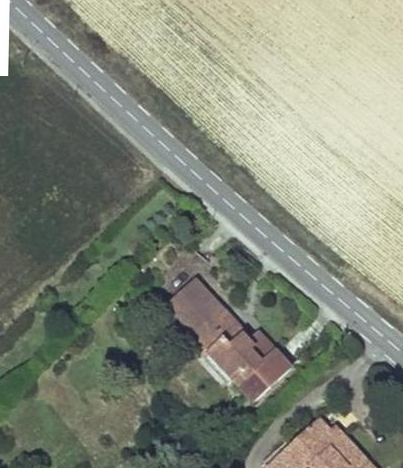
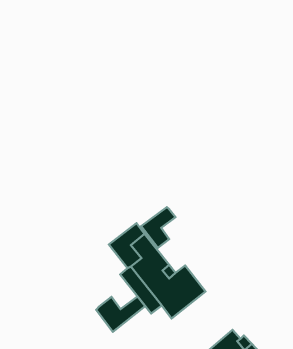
building: none -> [141,207,175,248]
building: none -> [96,297,145,332]

